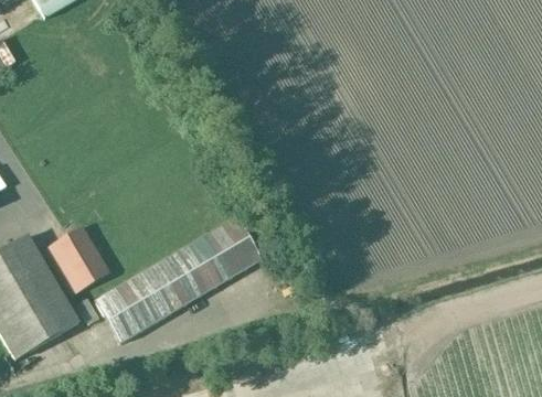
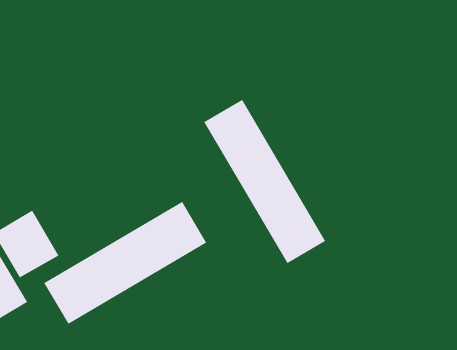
building: none -> [203,99,326,264]

